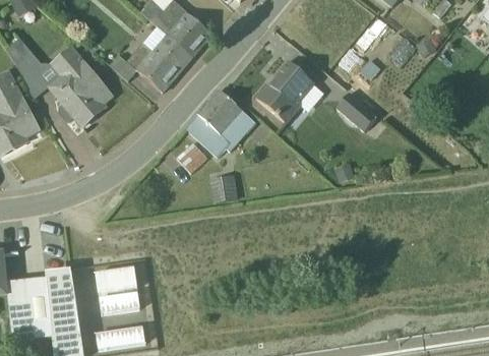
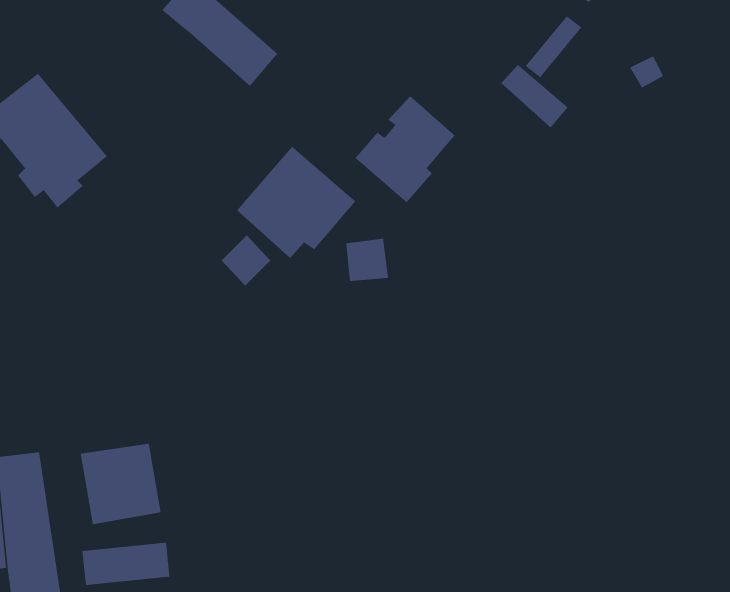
building: [110,25,194,93] -> none
building: [337,92,368,123] -> none
building: [210,176,236,201] -> [346,238,389,282]

